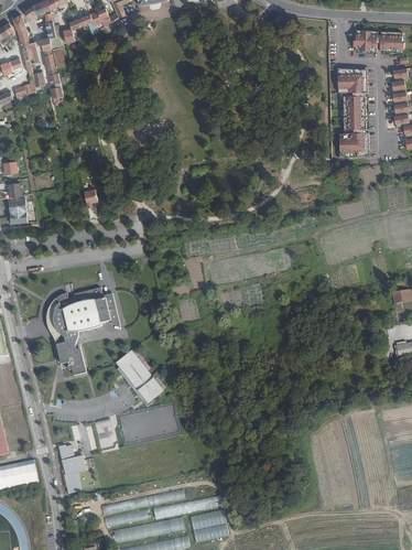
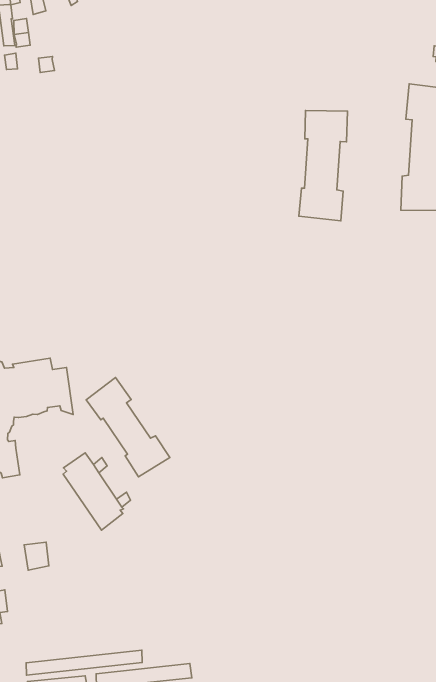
building: none -> [299,111,348,221]
building: none -> [86,378,170,477]

